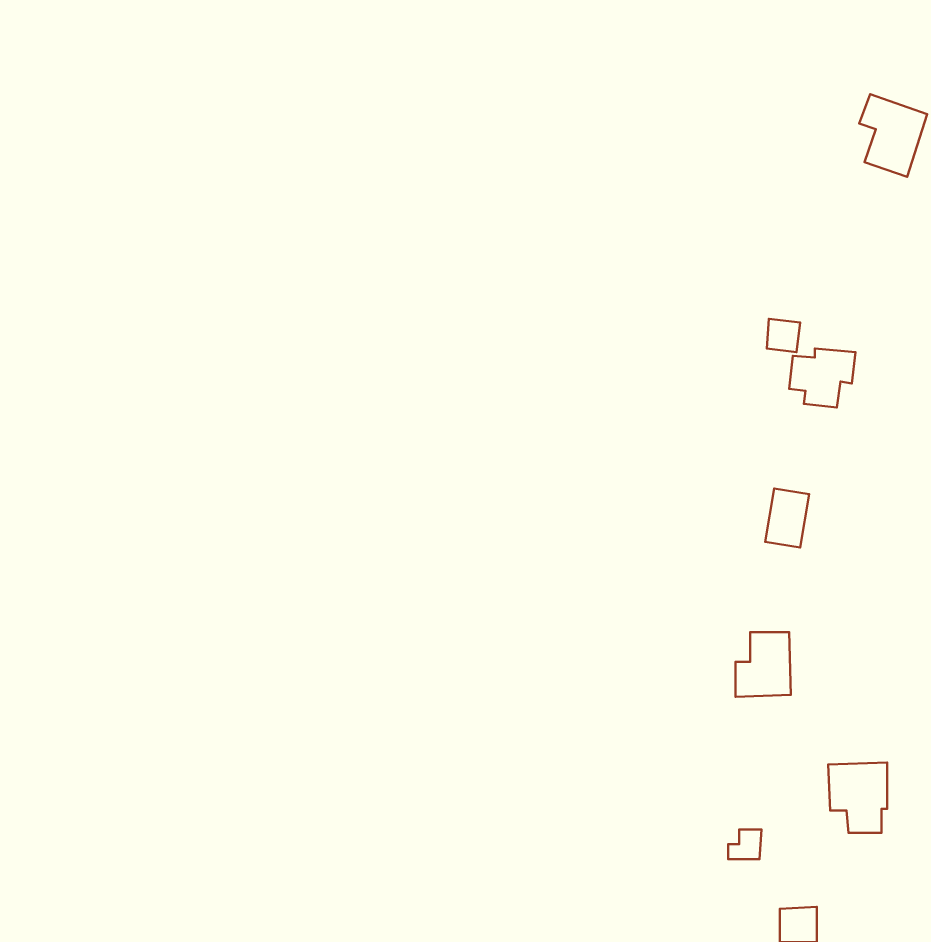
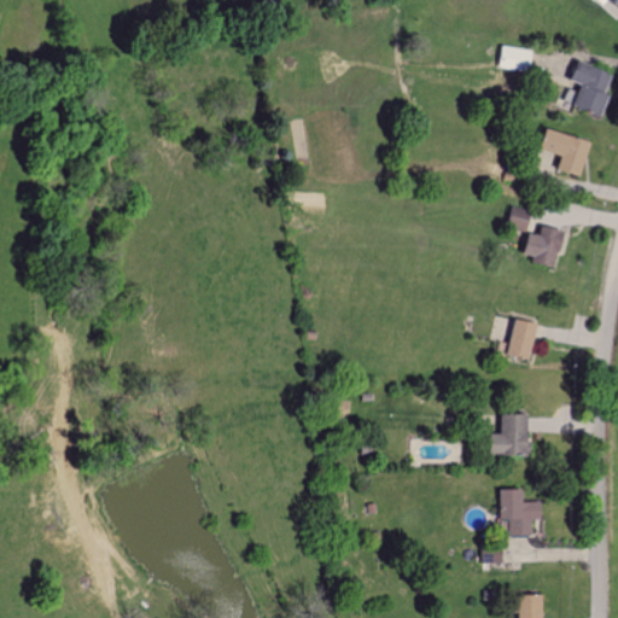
building: none -> [501,47,535,69]
building: none -> [538,129,590,176]
building: [828,763,887,833] -> [499,489,537,535]

